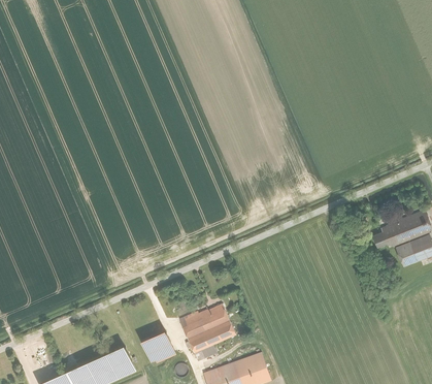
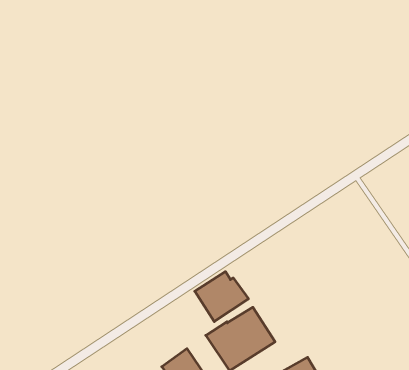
building: none -> [195,272,248,322]

